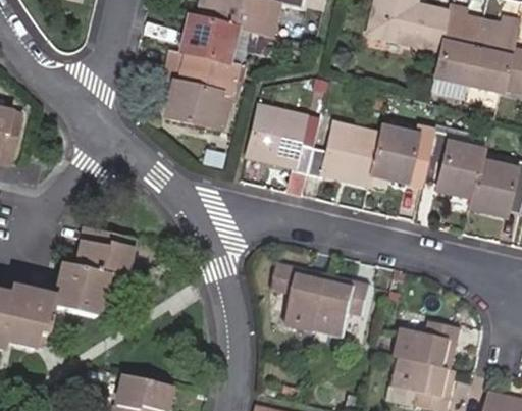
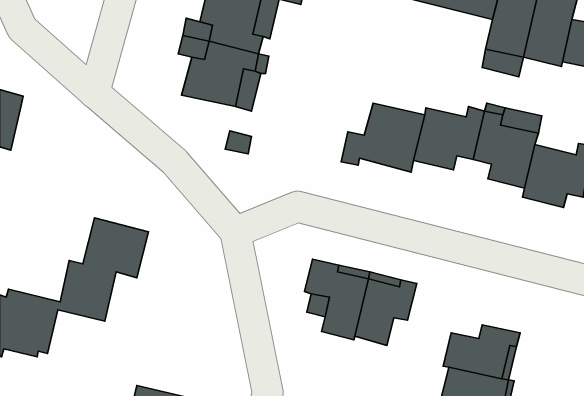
building: [245,106,311,175] -> none

